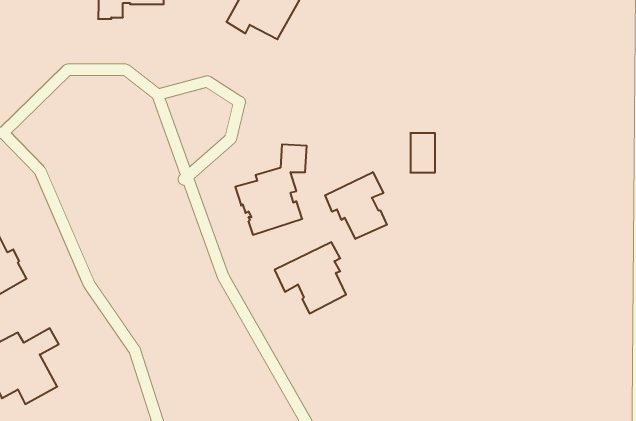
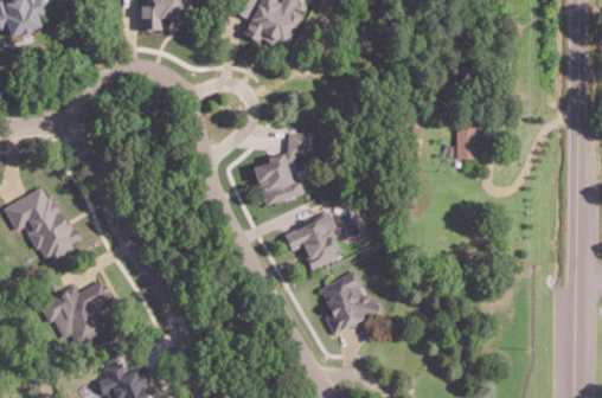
building: [410,133,435,173] -> [457,129,478,161]
building: [325,172,387,239] -> none
building: none -> [319,269,379,335]

